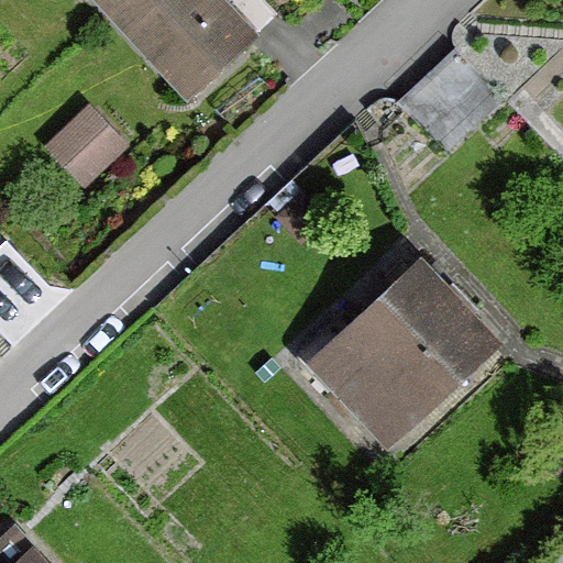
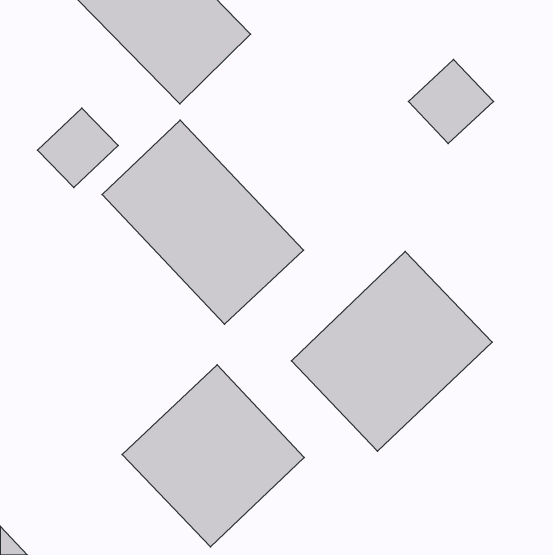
building: none -> [102,120,304,324]
building: none -> [122,365,304,547]

